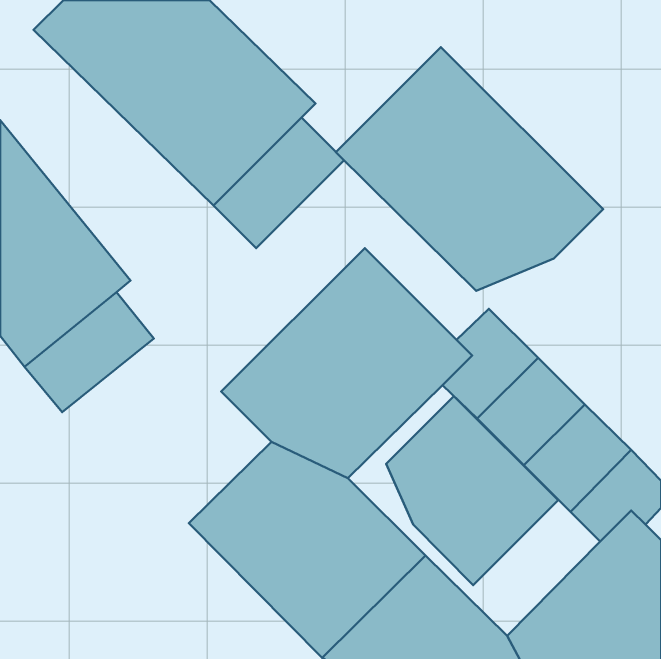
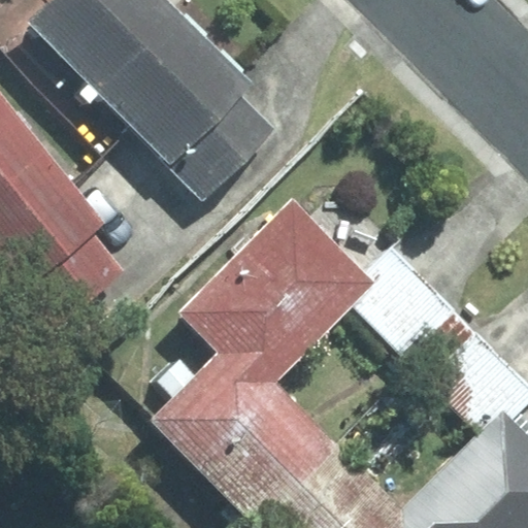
building: [336,47,603,291] -> none
building: [386,396,558,585] -> none

